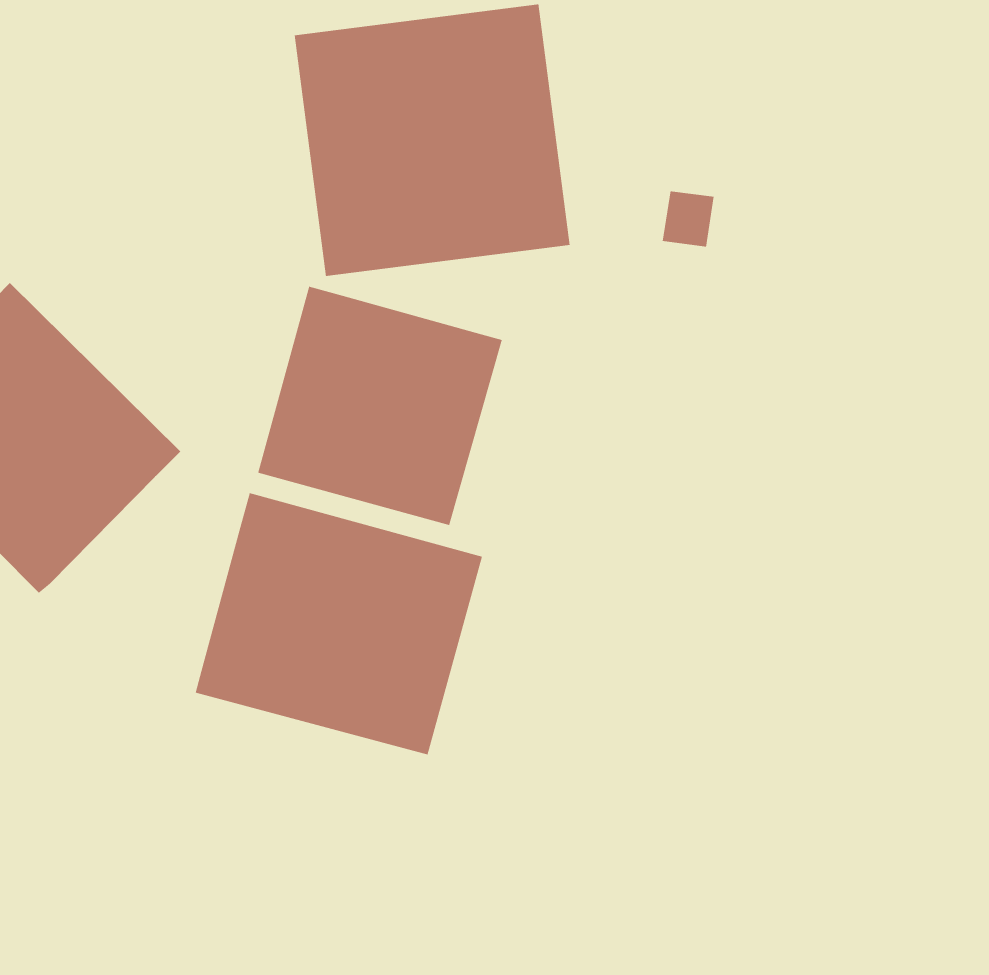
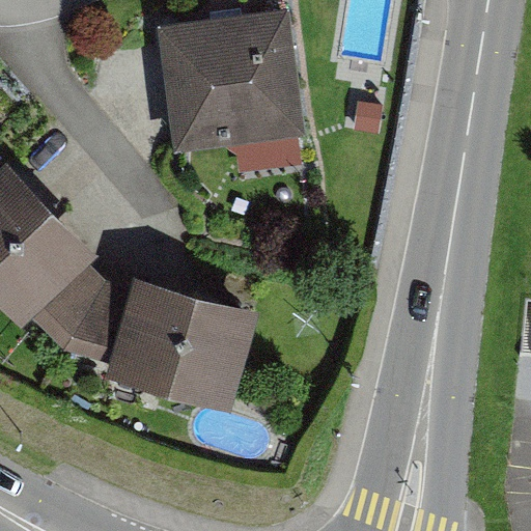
building: [257,286,503,526] -> none
building: none -> [27,264,128,368]

